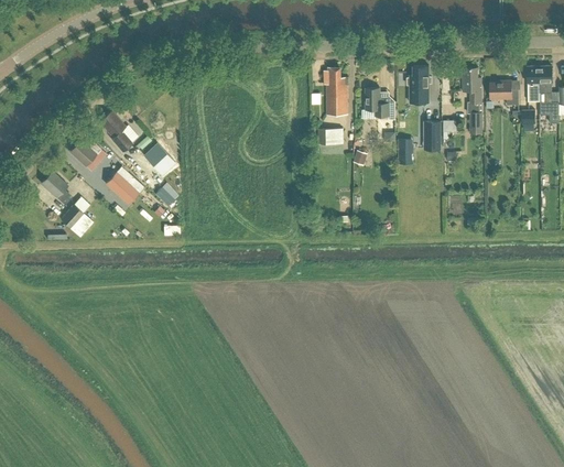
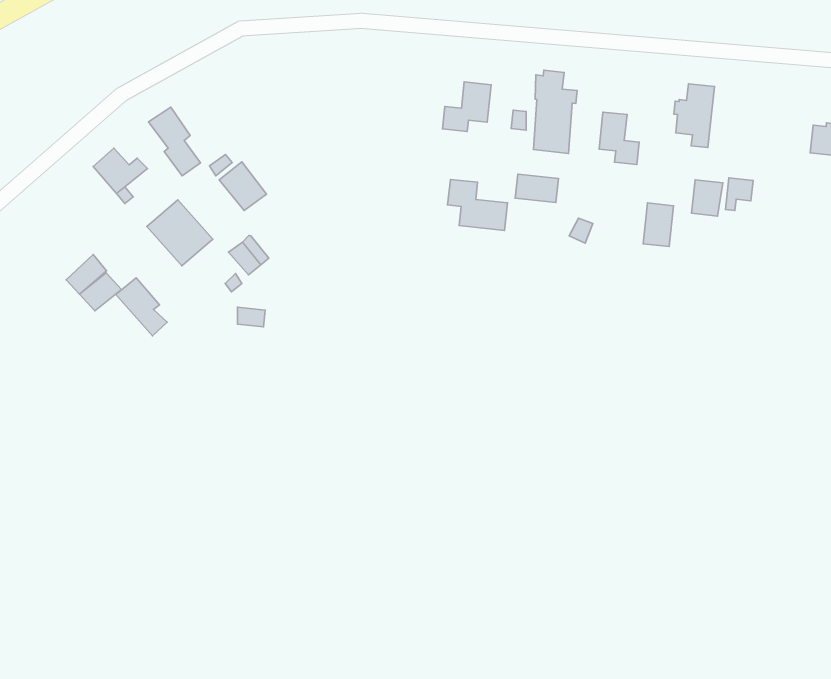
building: [463,69,482,134] -> none
building: none -> [442,82,491,131]
building: none -> [448,179,508,230]
building: [41,173,73,206] -> [116,278,167,336]

